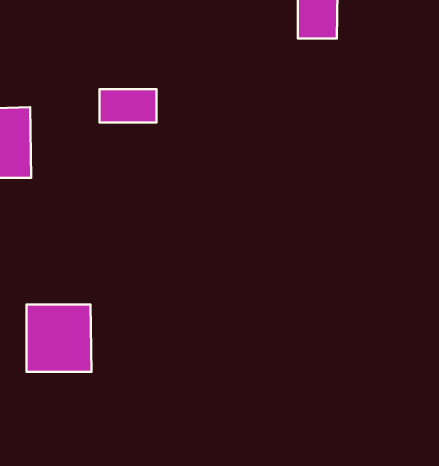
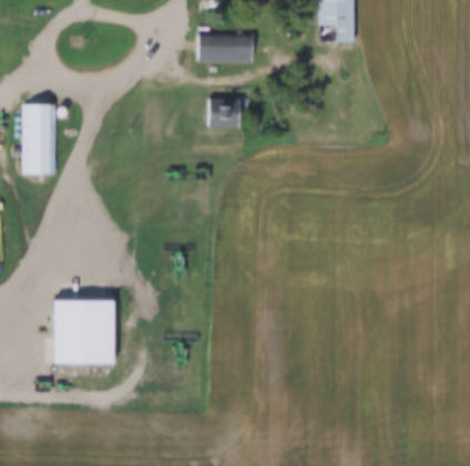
building: [99,89,156,122] -> [196,31,252,63]
building: none -> [208,97,241,126]

